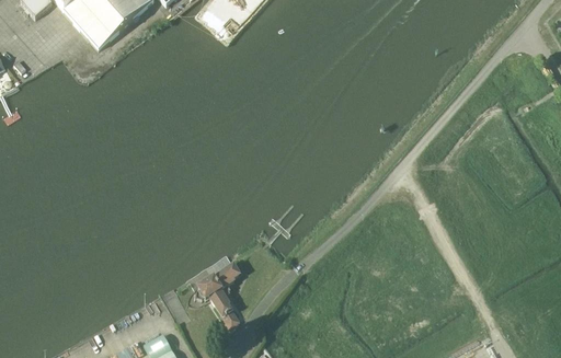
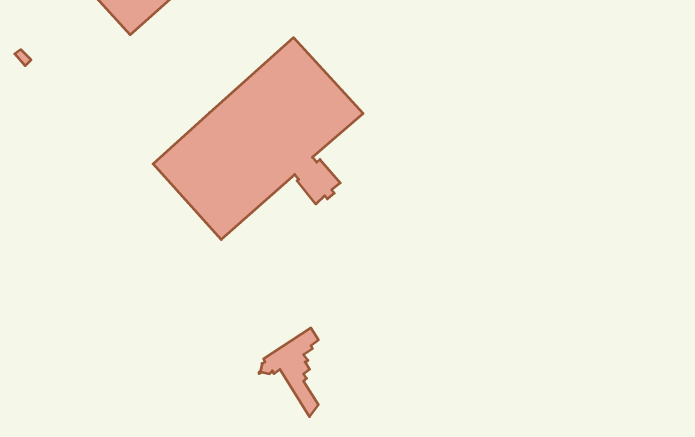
building: none -> [153,38,363,240]

